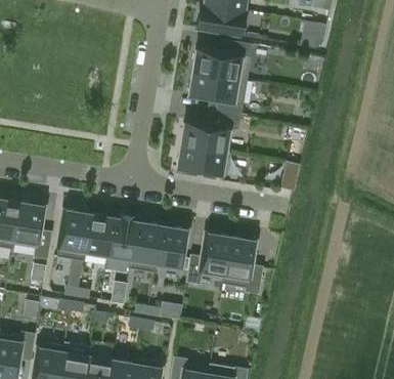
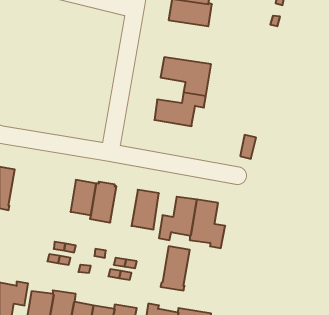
building: [192,41,253,81] -> none
building: [177,145,229,177] -> none
building: [12,203,51,259] -> none
building: [57,211,90,261] -> none
building: [128,222,162,273] -> [161,246,190,290]

